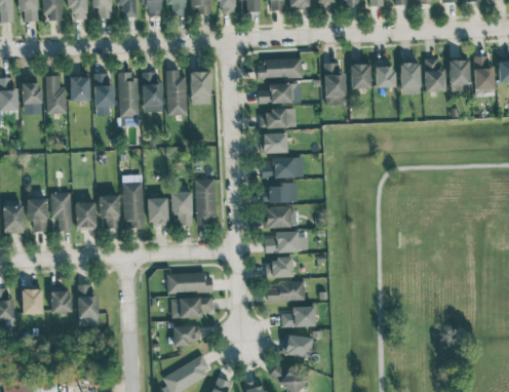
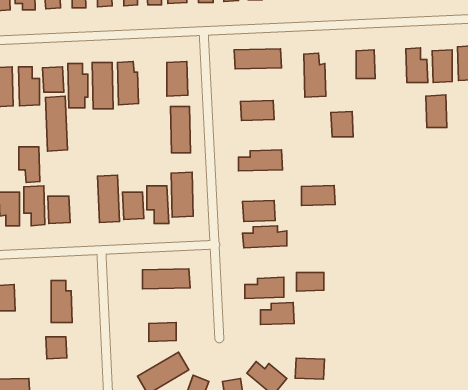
building: [400,63,421,94] -> [426,95,447,128]
building: [350,64,371,88] -> [331,111,353,137]
building: [166,70,186,115] -> [170,107,190,153]
building: [259,82,301,104] -> none
building: none -> [45,96,67,151]
building: [262,132,287,153] -> none
building: [265,183,298,202] -> [302,186,335,206]
building: [100,195,120,230] -> [19,147,40,182]
building: [266,259,292,277] -> [297,272,324,291]
building: [50,291,71,313] -> [46,337,67,359]
building: [171,298,212,318] -> none
building: [283,336,312,356] -> [295,358,325,379]

